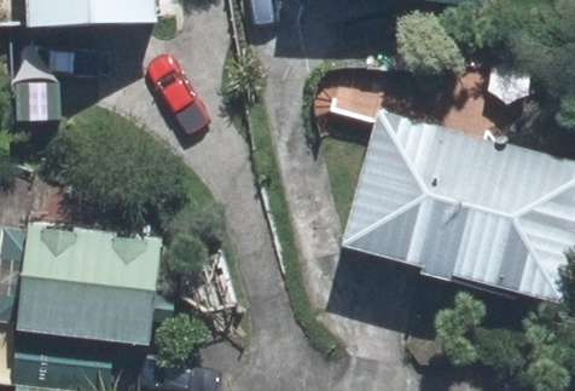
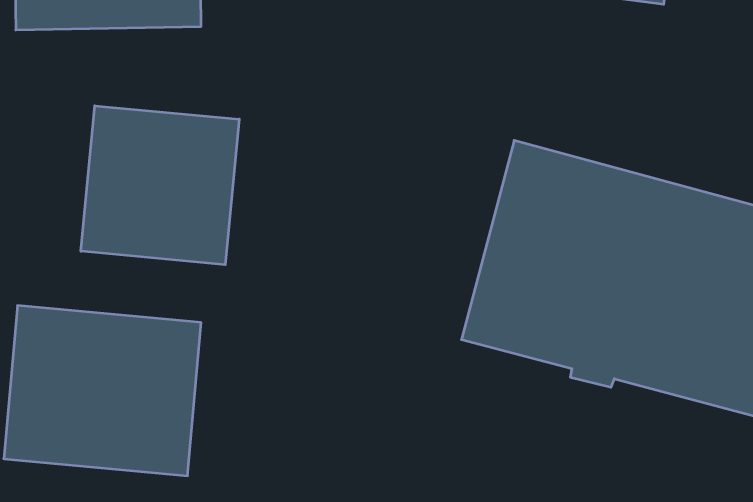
building: none -> [81,106,239,265]

